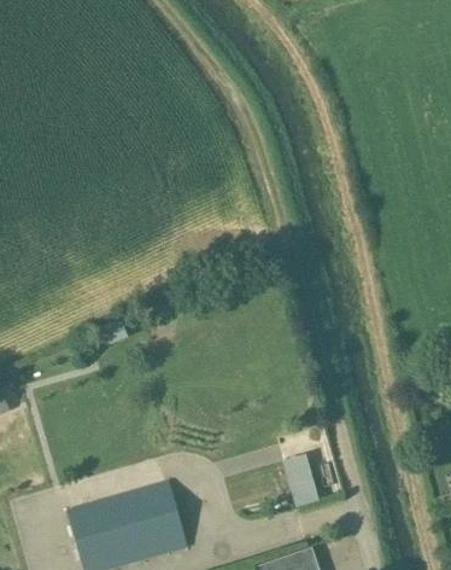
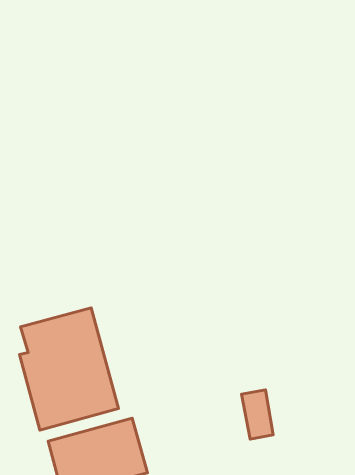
building: none -> [20,308,118,430]

